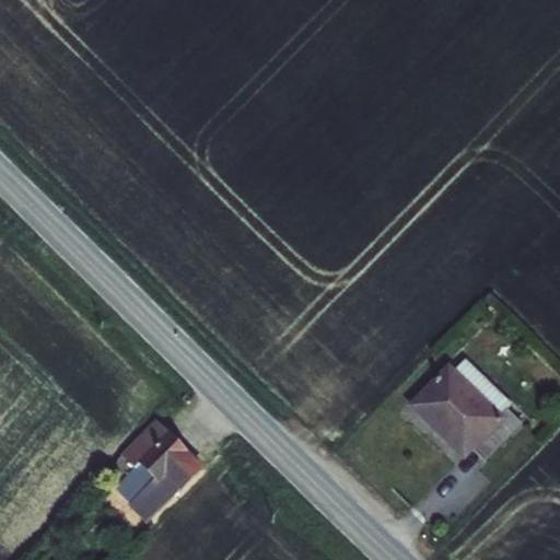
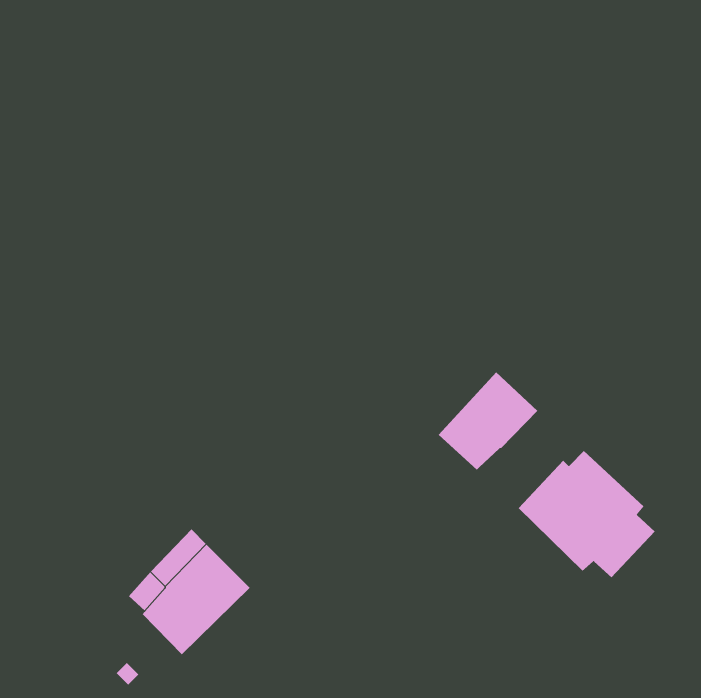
building: none -> [438,372,538,471]

